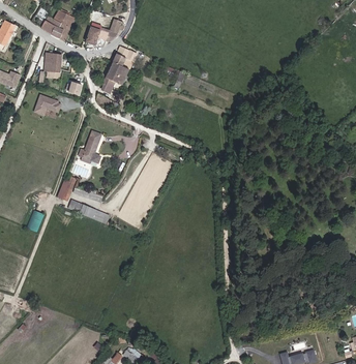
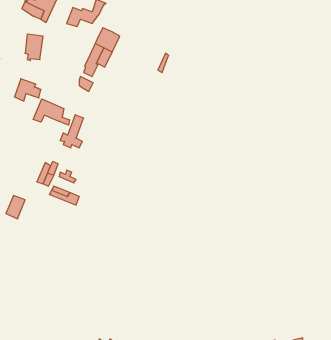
building: none -> [33,99,70,125]

